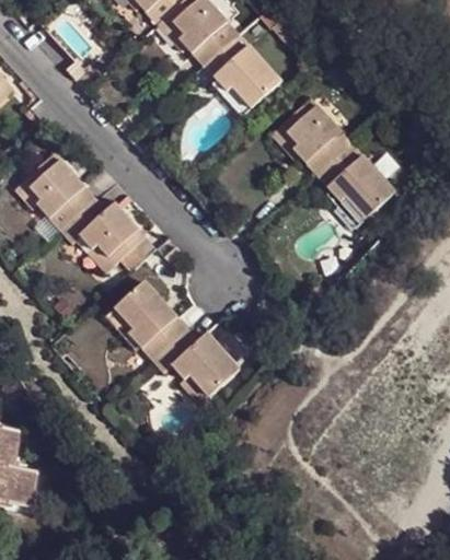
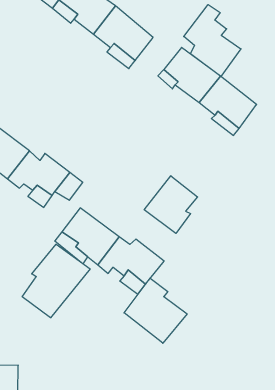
building: none -> [184,5,241,76]
building: none -> [144,176,198,233]
building: none -> [22,244,90,318]
building: none -> [124,278,187,343]

